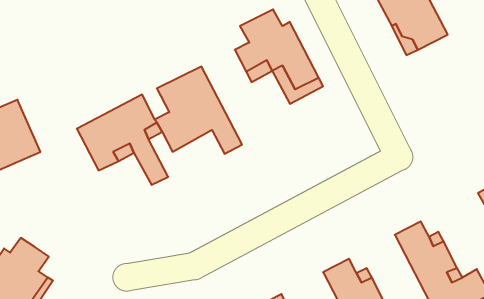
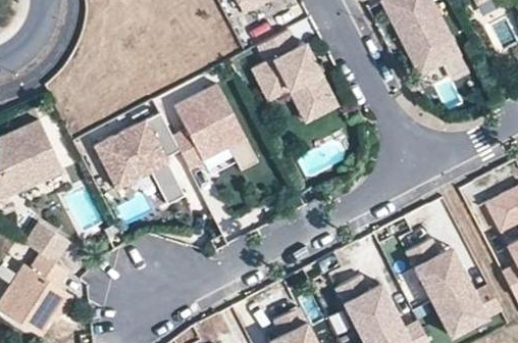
building: none -> [25,223,69,263]

